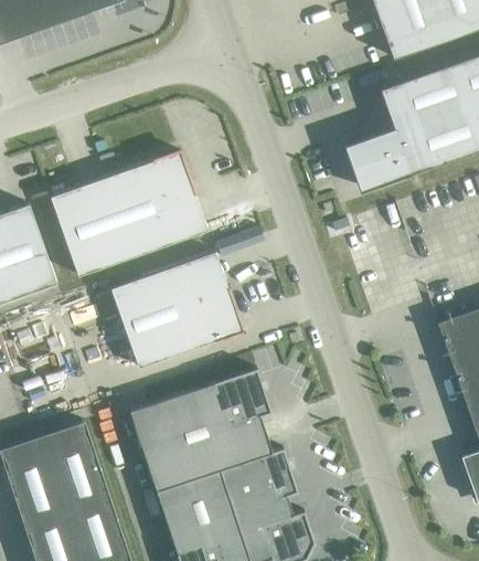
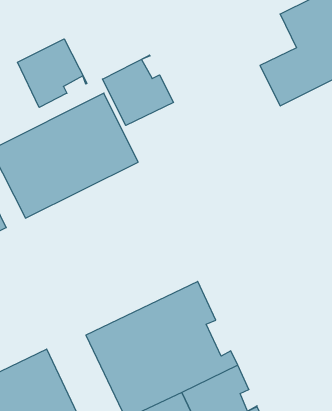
building: none -> [17,39,87,107]
building: none -> [102,55,173,125]
building: [110,252,243,368] -> none

